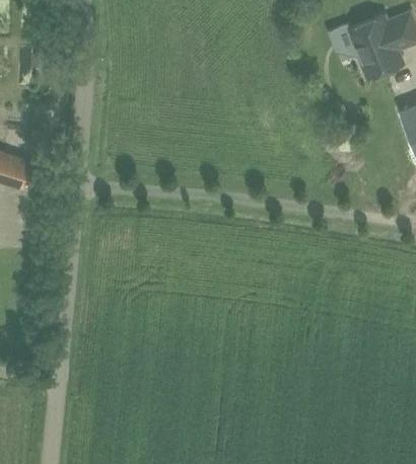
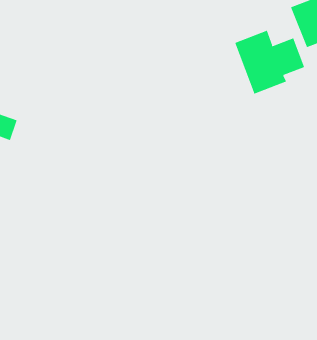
building: none -> [234,30,305,95]

